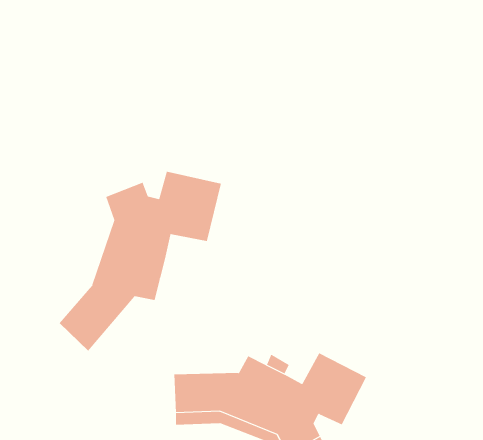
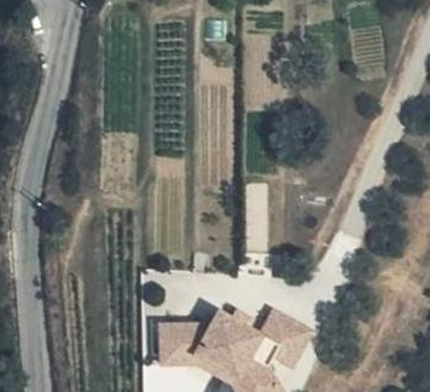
building: [59,171,221,352] -> none

